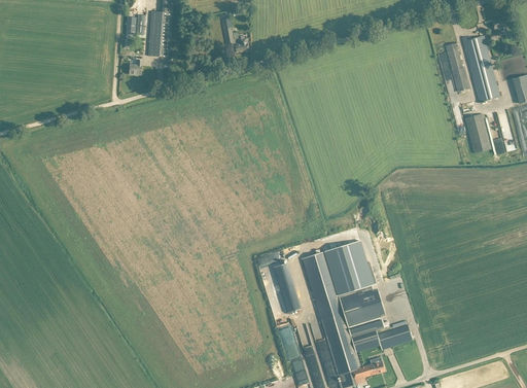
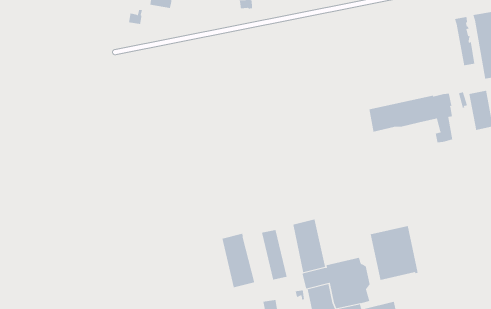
building: none -> [369,93,453,143]
building: [324,239,375,294] -> [370,226,419,281]
building: none -> [222,233,255,288]

